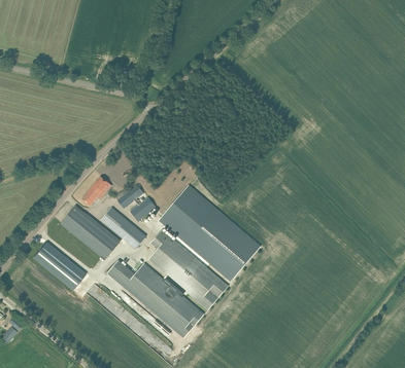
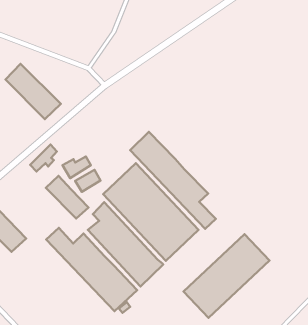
building: none -> [130,132,216,229]
building: [61,205,120,258] -> [6,64,61,119]
building: none -> [184,234,269,318]

